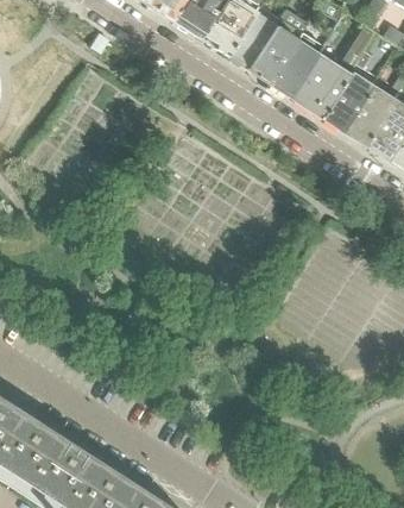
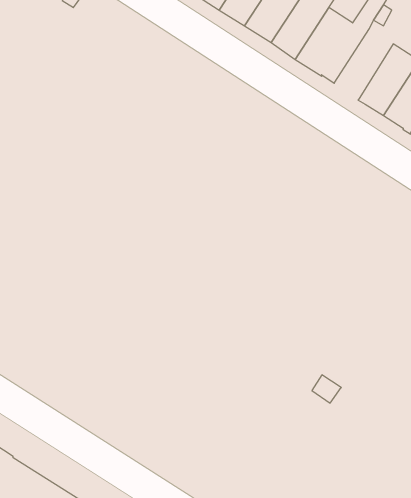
building: [322,70,373,131] -> none

